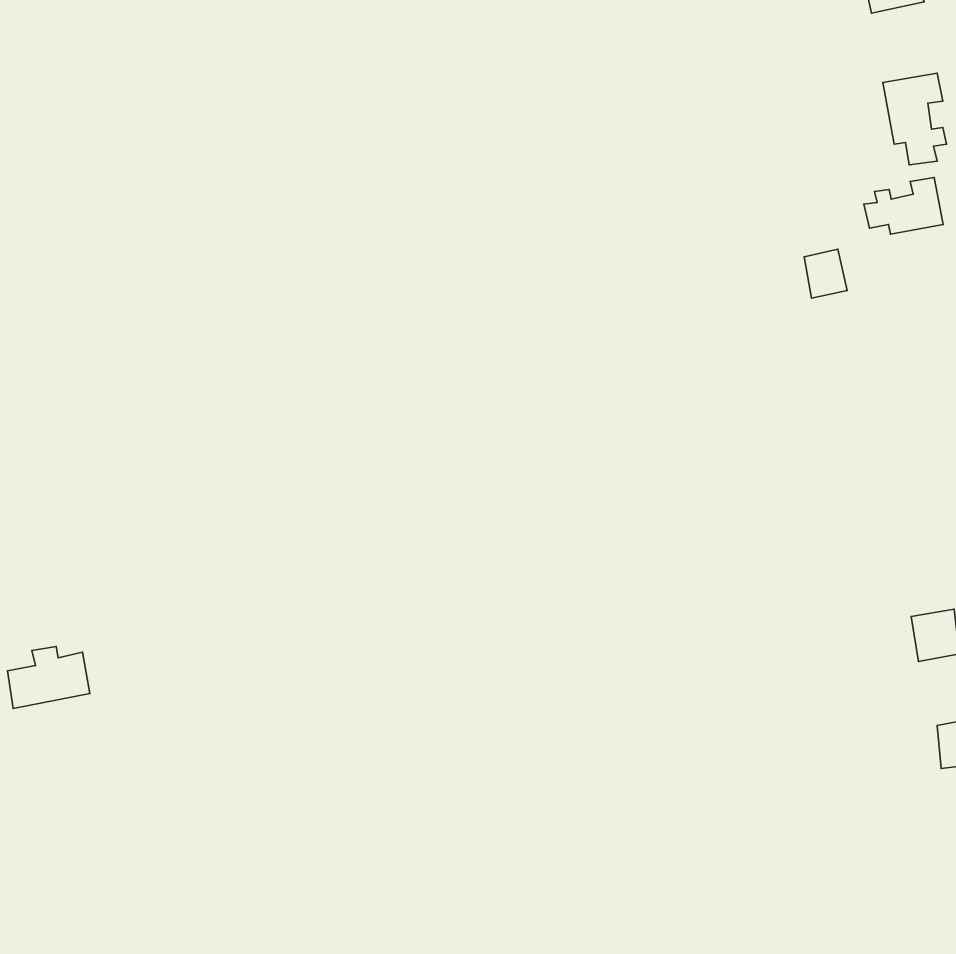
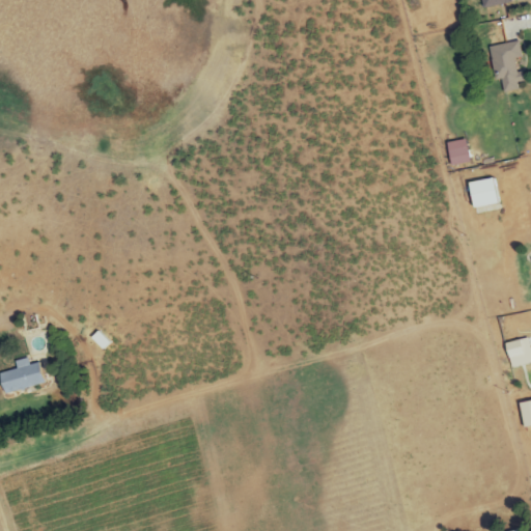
building: [864,177,943,234] -> none
building: none -> [467,176,501,207]

